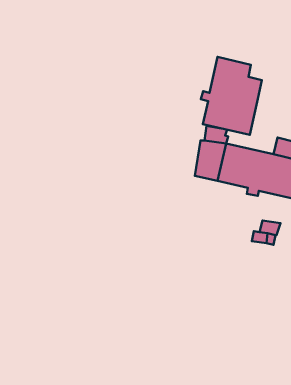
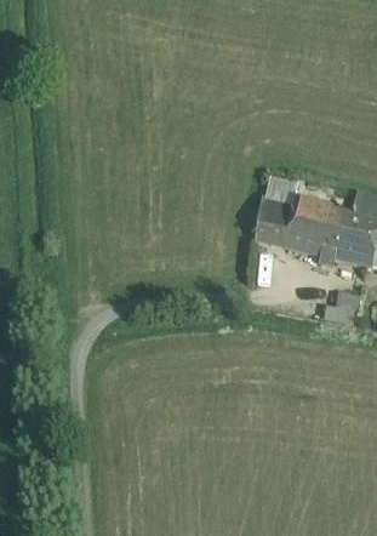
building: [201,57,262,135] -> none

